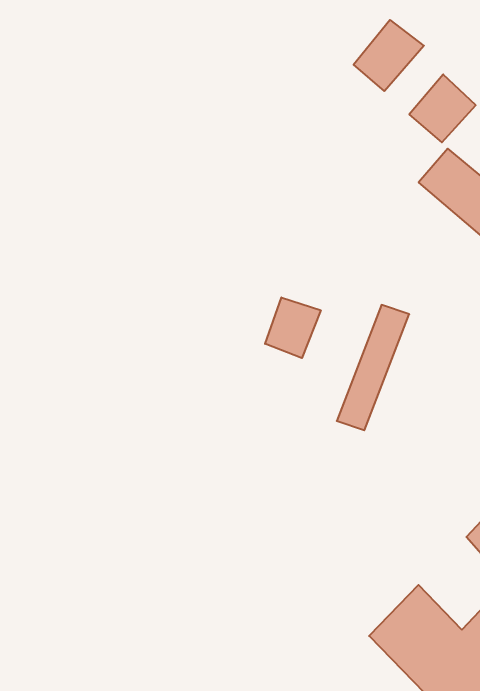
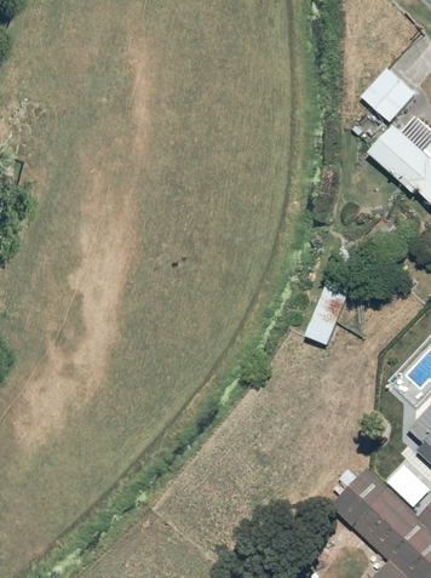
building: [354,20,424,91] -> none
building: [265,297,321,358] -> none

